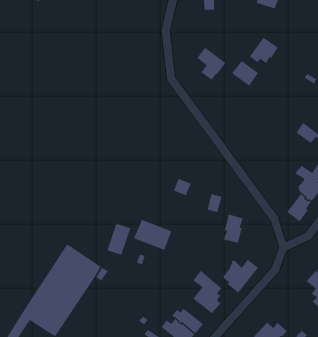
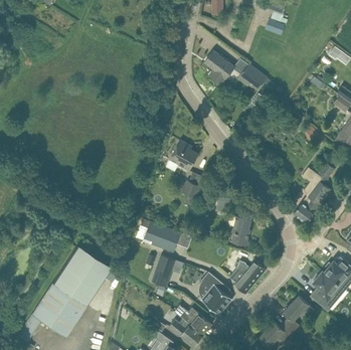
building: [249,37,279,64] -> none
building: none -> [170,140,197,170]
building: [107,223,131,256] -> [151,254,175,287]
building: none -> [283,296,313,331]

